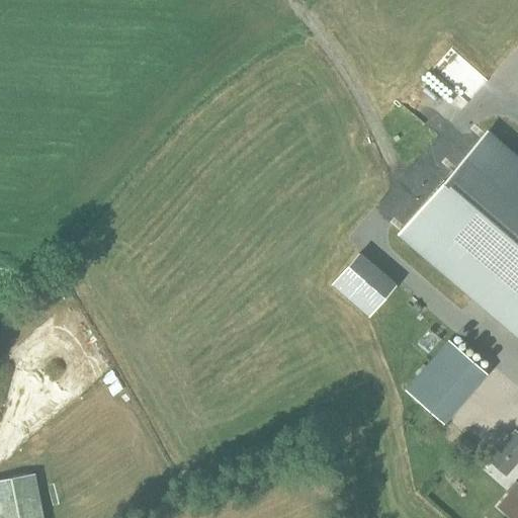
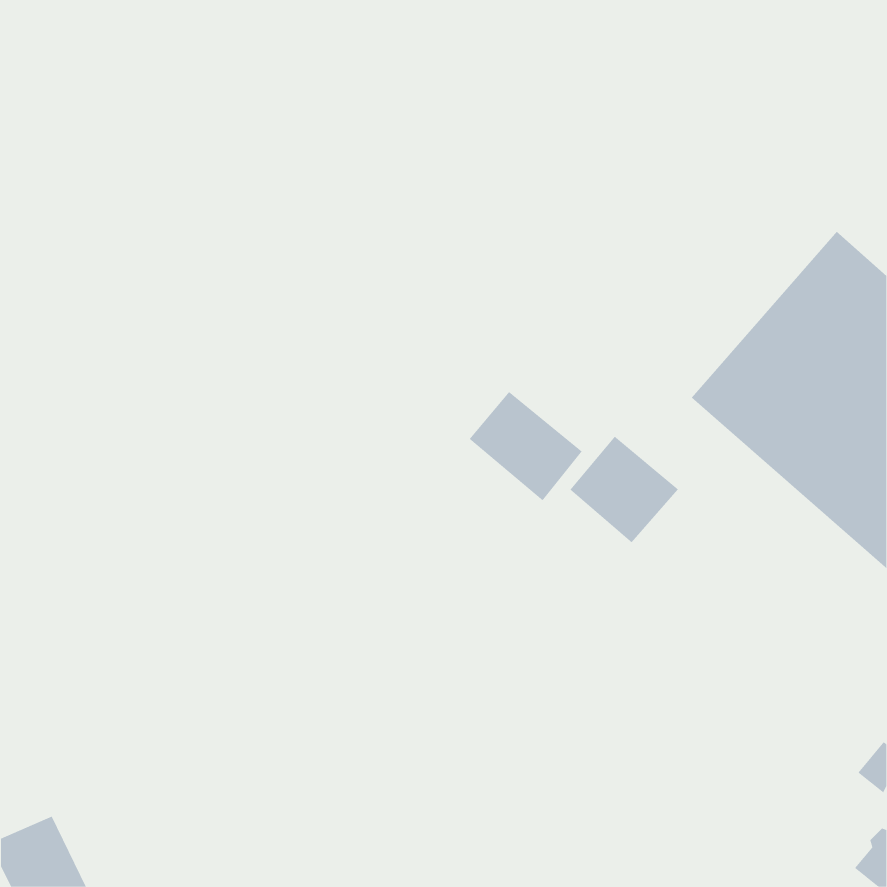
building: none -> [469,391,582,501]
building: [405,340,486,423] -> none

